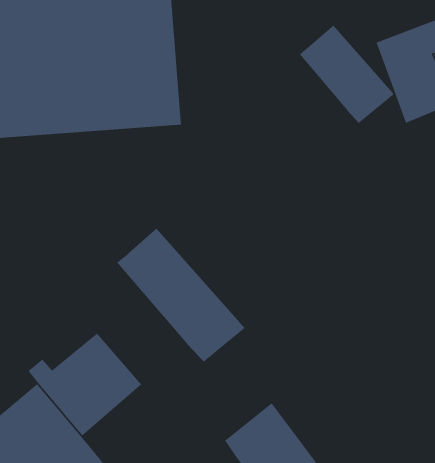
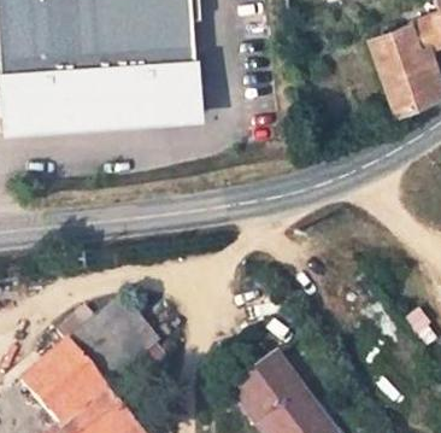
building: [299,25,395,124] -> none
building: [116,228,245,363] -> none

